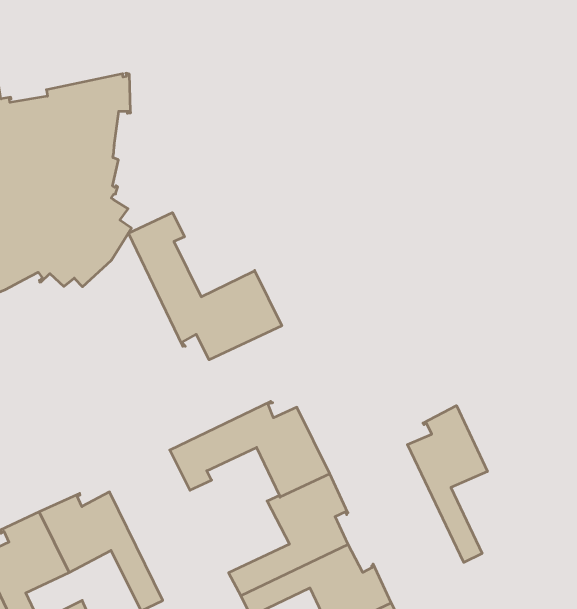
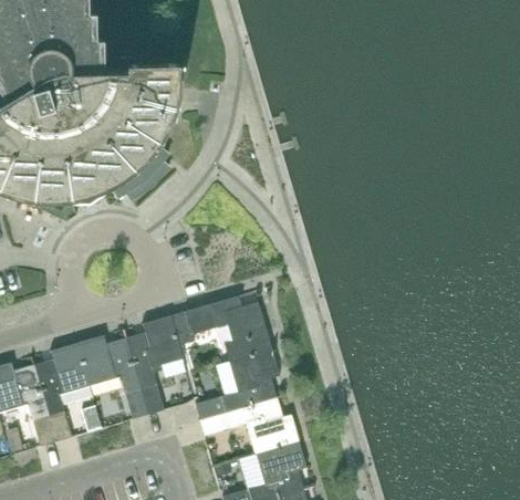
building: [128,213,282,360] -> none
building: [407,406,487,562] -> none
building: none -> [125,316,183,415]

